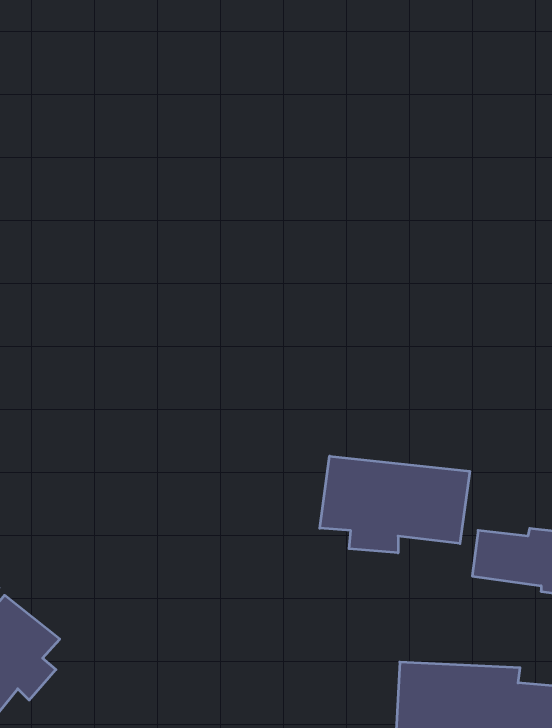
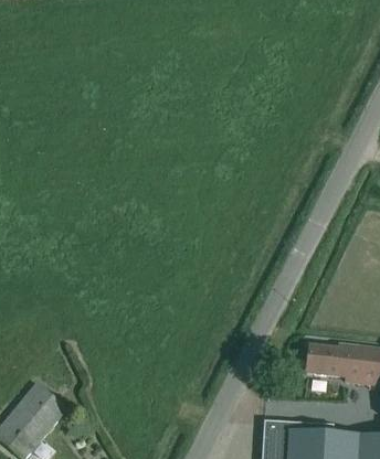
building: [320,456,470,553] -> none

